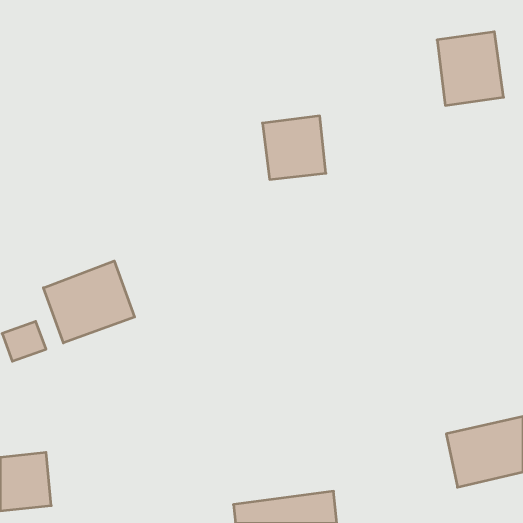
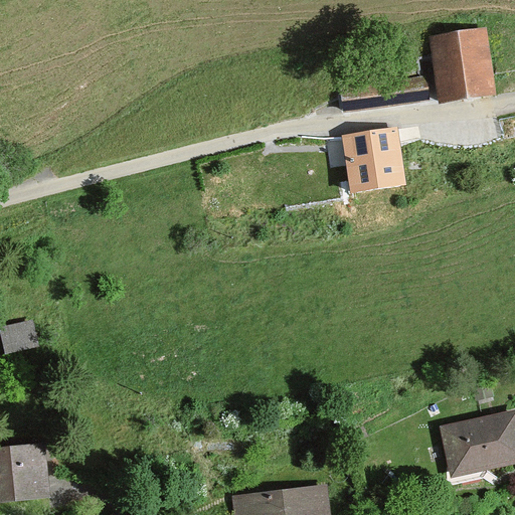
building: [262,116,326,179] -> [340,131,402,193]
building: [43,261,135,343] -> none

